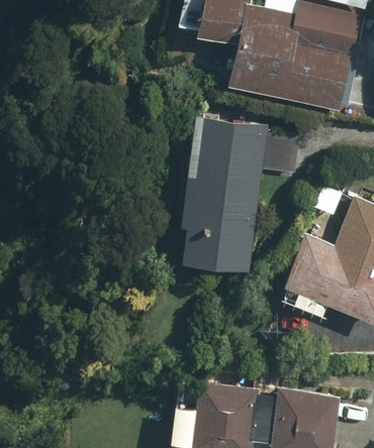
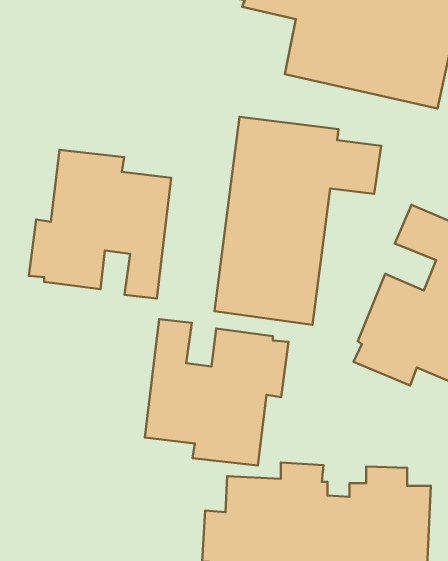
building: none -> [29,150,171,299]
building: none -> [145,319,288,466]

